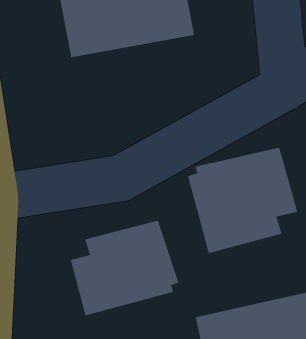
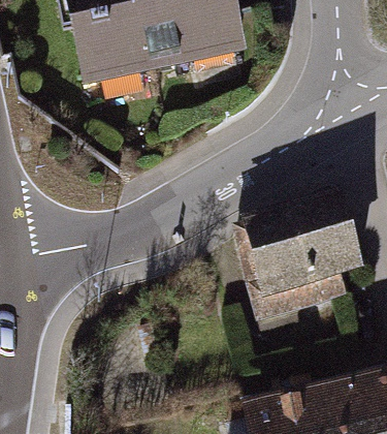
building: [70,220,179,316] -> none

